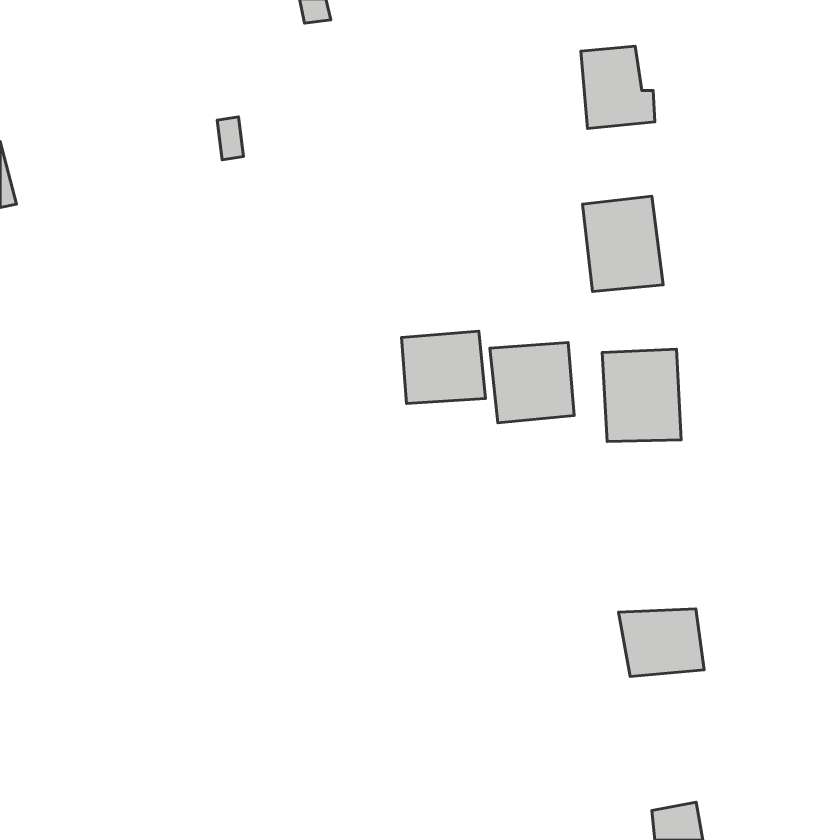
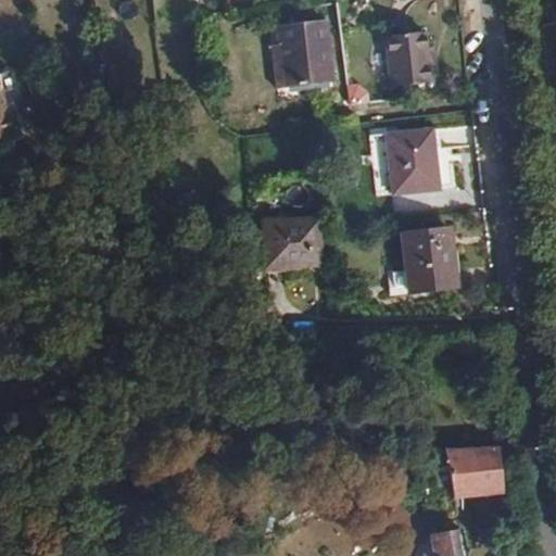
building: none -> [279,21,331,86]
building: [490,343,574,423] -> none
building: [619,609,704,676] -> [444,448,501,493]

